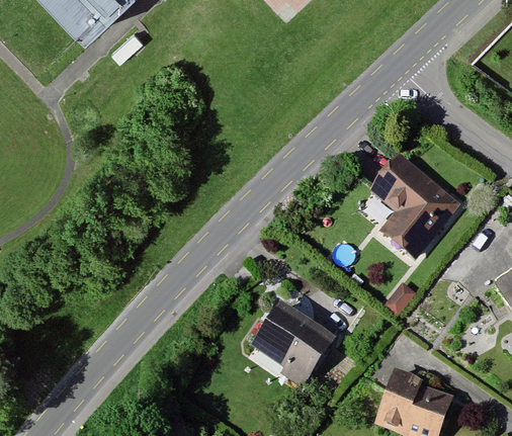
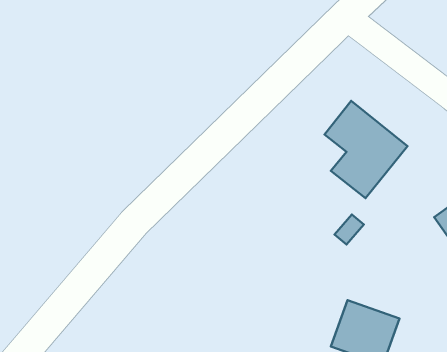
building: [247,298,338,390] -> none

